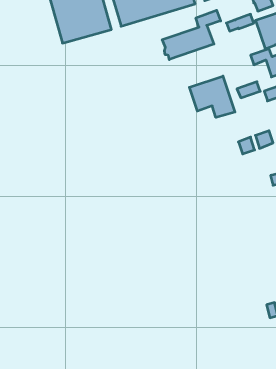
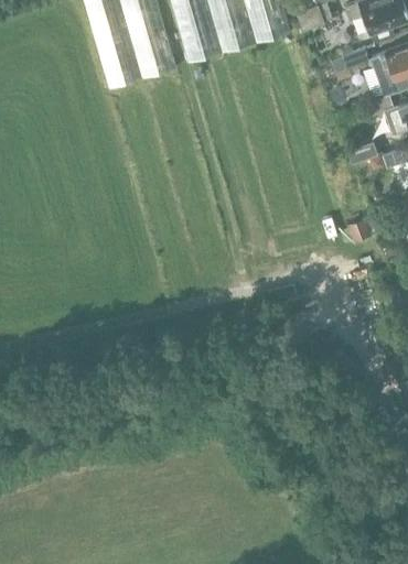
building: [162,10,221,60] -> none
building: [189,76,235,117] -> none

